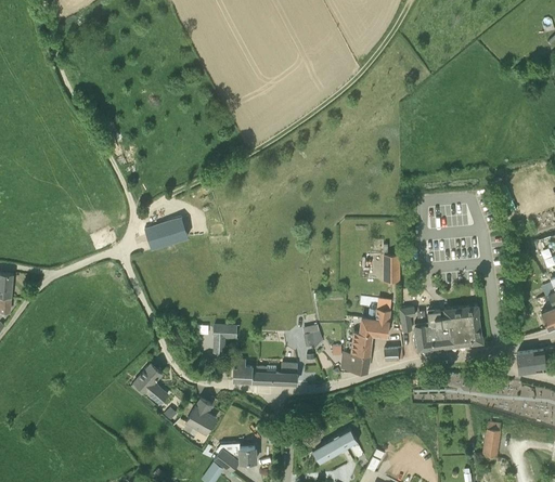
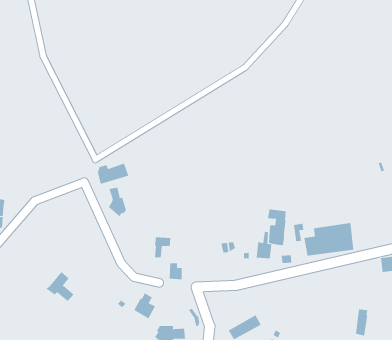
building: [383,255,399,282] -> none
building: none -> [108,187,127,217]
building: [343,352,370,373] -> none
building: [130,364,168,405] -> [46,271,74,302]
building: [251,364,297,383] -> none

